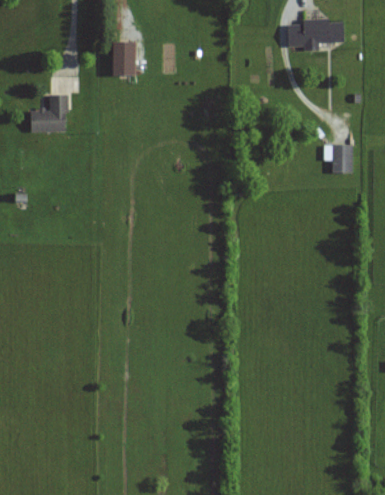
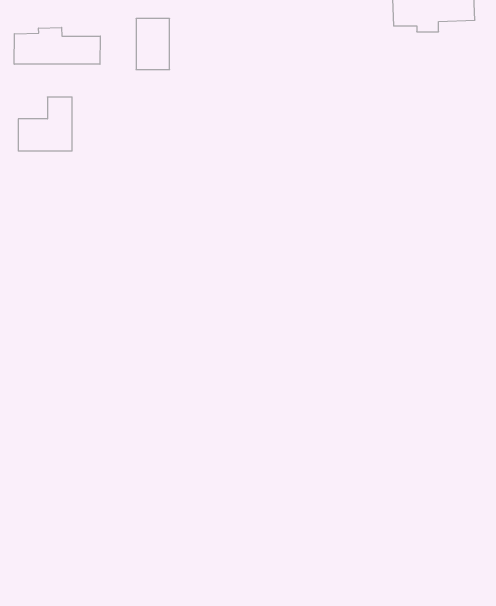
building: none -> [14,27,100,64]
building: [332,144,352,172] -> none

